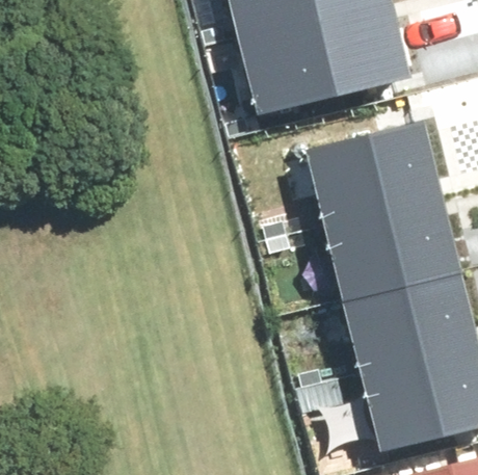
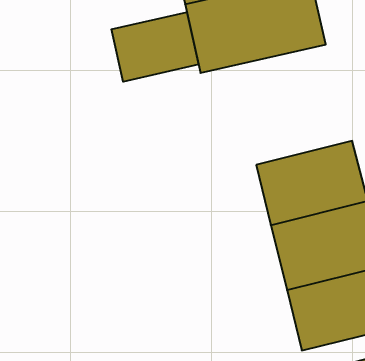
building: none -> [111,12,199,82]
building: [304,118,441,226] -> none

